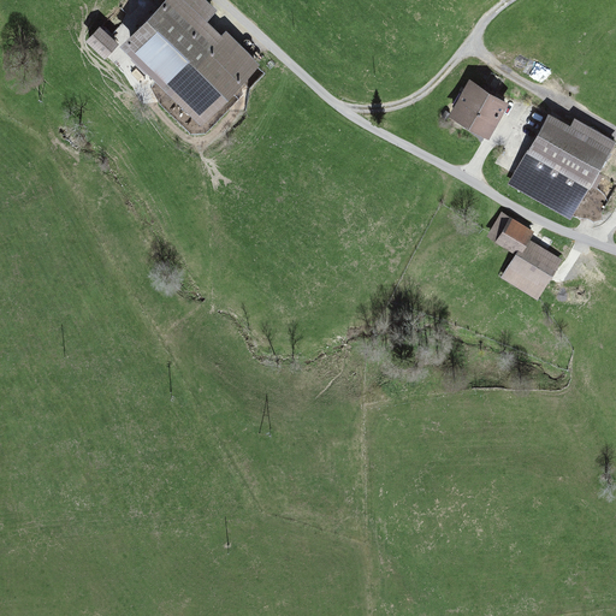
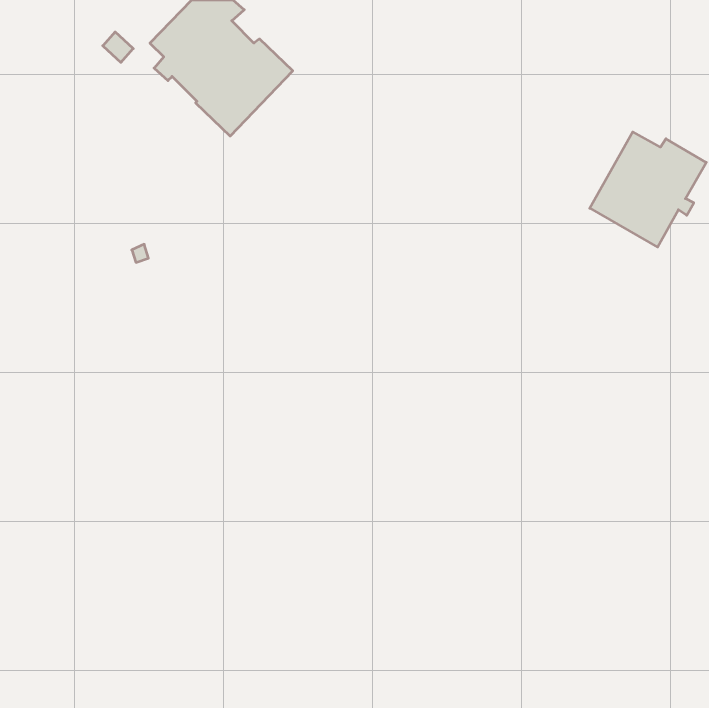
building: [454,84,504,132] -> none
building: [491,215,559,297] -> none

